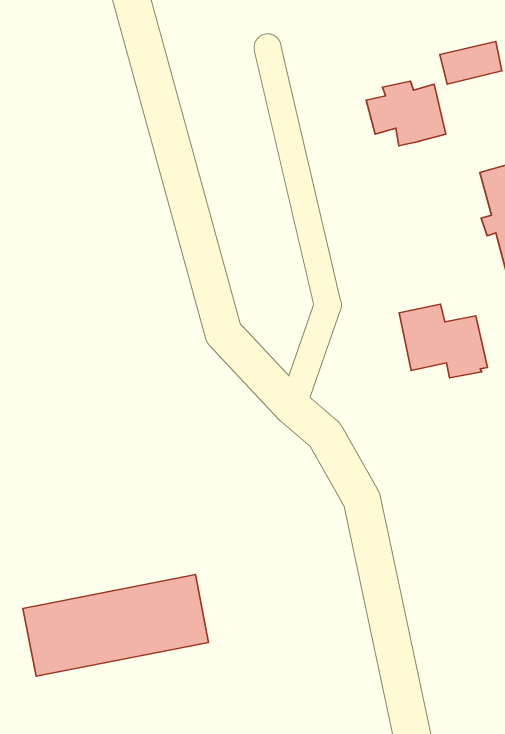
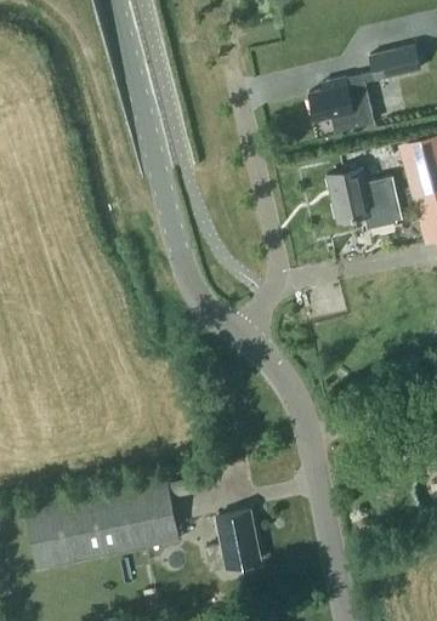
building: [399,304,488,378] -> [329,167,402,228]
building: none -> [206,512,261,569]

